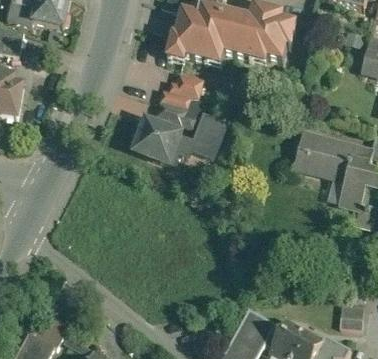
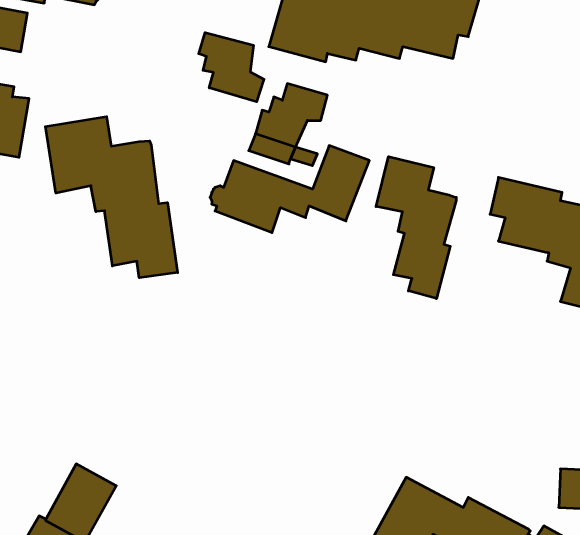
building: none -> [199,33,264,102]
building: none -> [45,117,178,278]
building: none -> [376,157,456,299]

